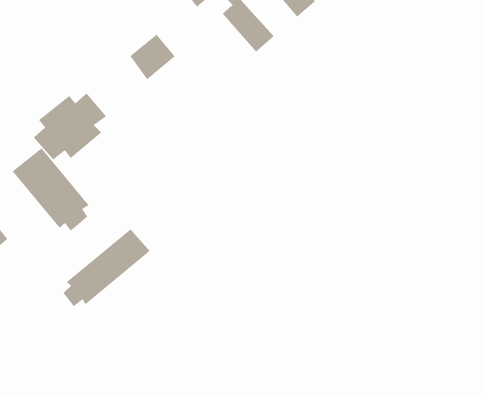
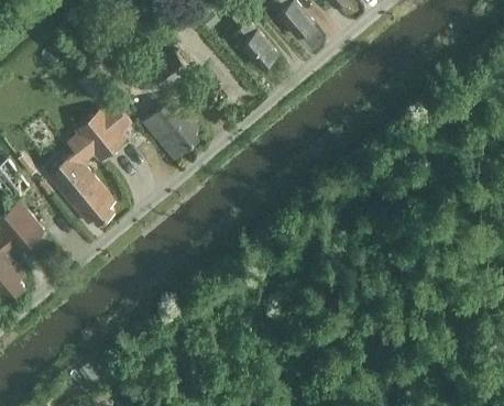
building: none -> [149,98,199,161]
building: [63,228,151,307] -> none

